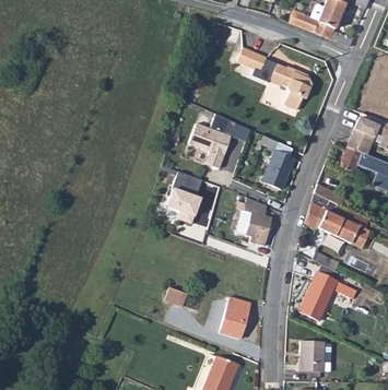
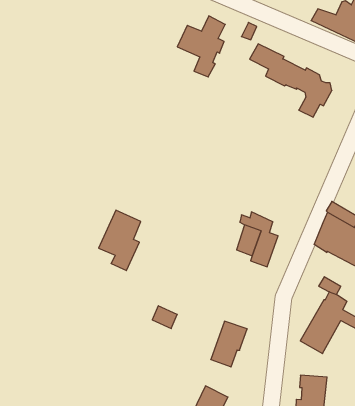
building: [189,114,231,168] -> [177,16,225,77]
building: [257,134,294,189] -> none
building: [165,170,201,224] -> [99,210,141,271]

